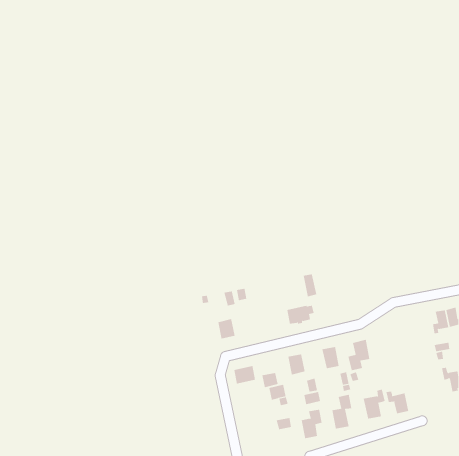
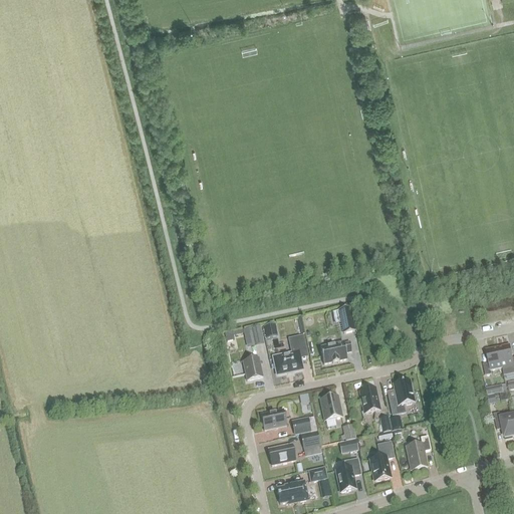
building: none -> [274,334,306,372]
building: [386,391,409,414] -> none
building: none -> [268,443,295,465]
building: none -> [276,480,308,503]

